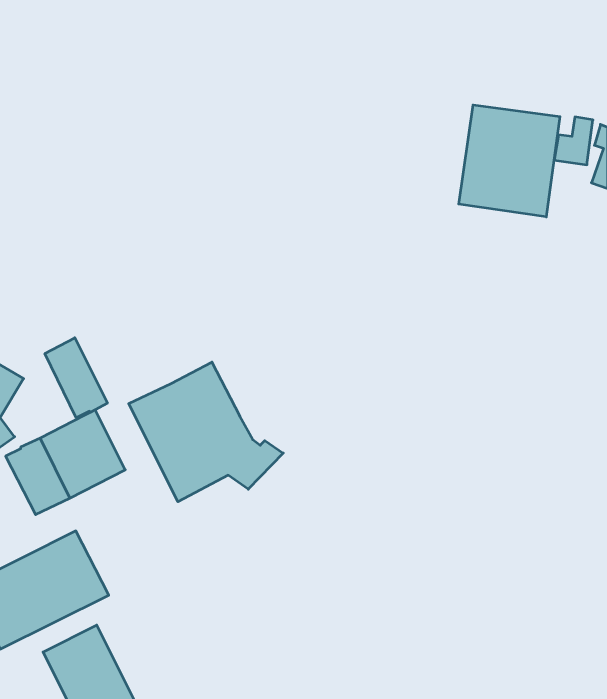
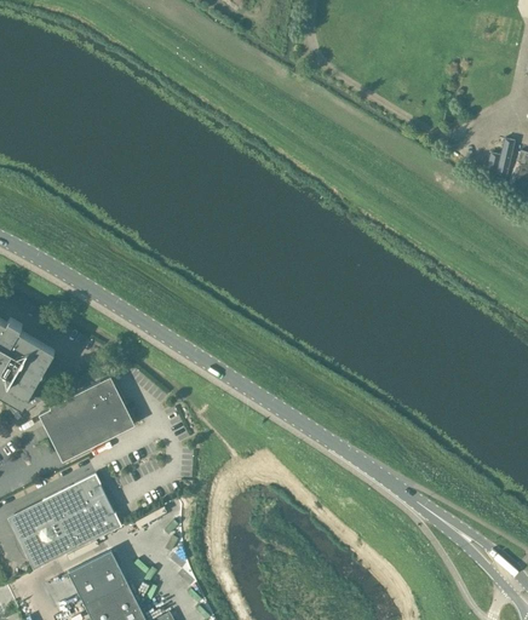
building: [459,105,560,217] -> none
building: [45,338,107,418] -> none
building: [129,362,283,502] -> none

